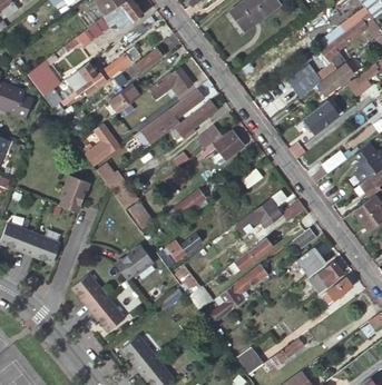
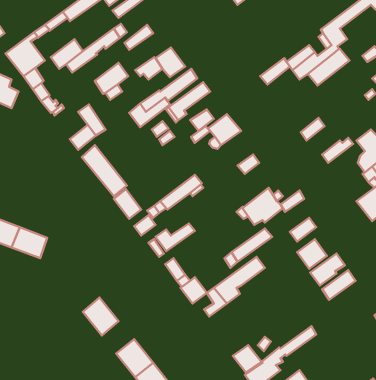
building: [301,96,339,131] -> none
building: [66,179,95,217] -> none
building: [120,249,158,283] -> none
building: [78,278,111,314] -> none

